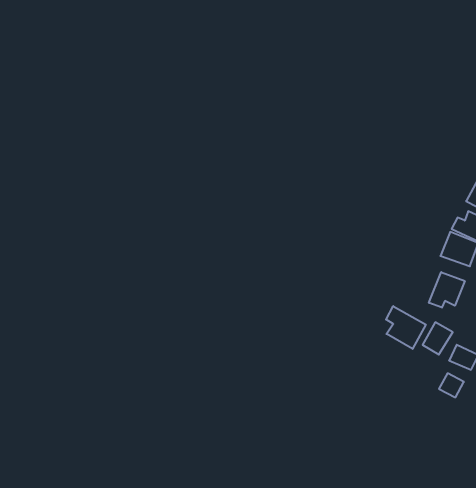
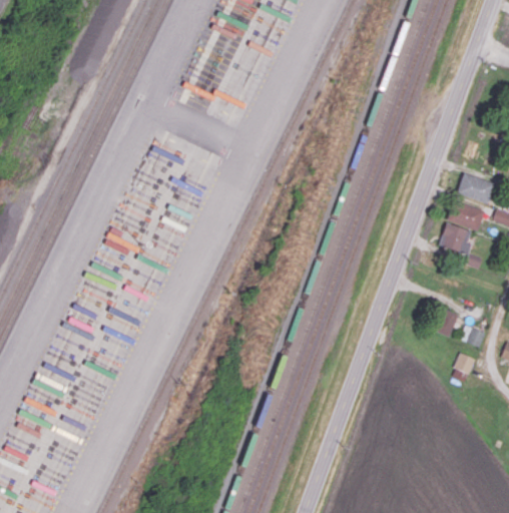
building: [429,272,465,308] -> none
building: [386,306,426,349] -> none

